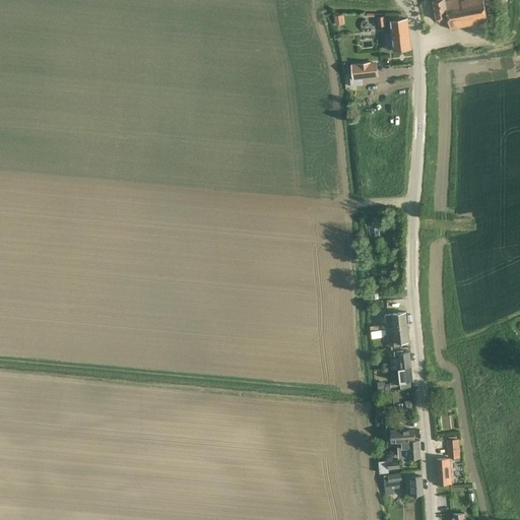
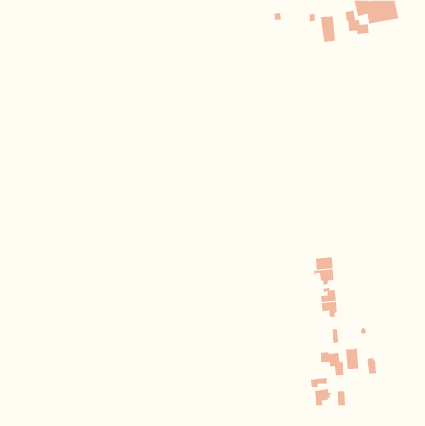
building: none -> [345,10,369,35]
building: [350,61,378,80] -> none
building: [434,458,451,484] -> [345,348,359,370]

